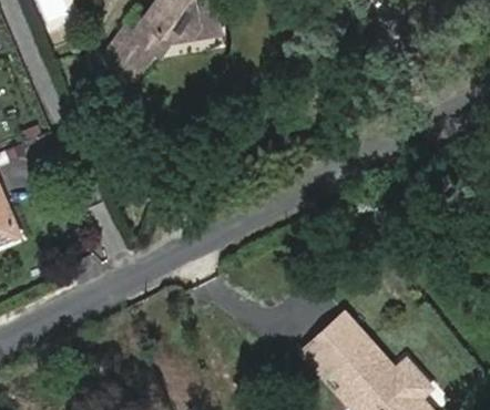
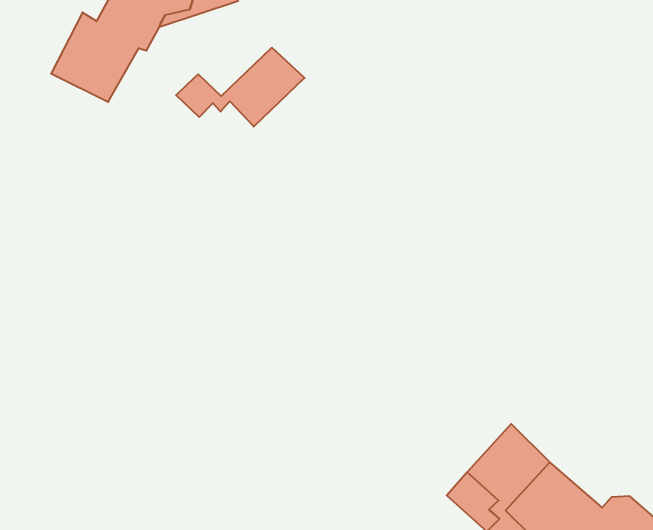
building: none -> [176,48,305,127]

